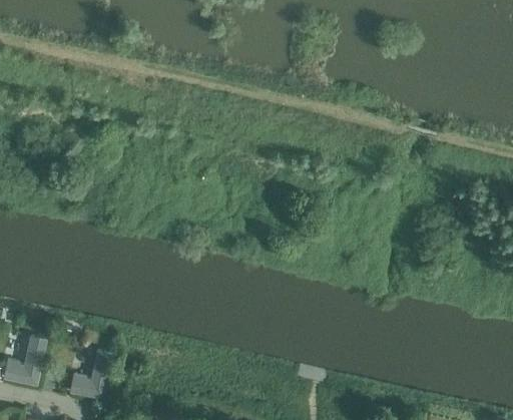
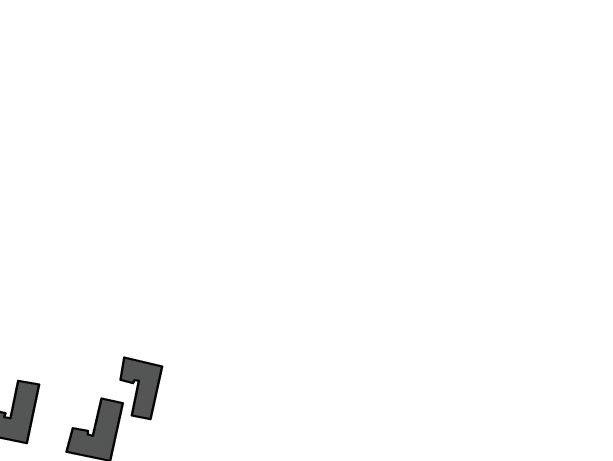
building: none -> [120,358,162,419]

